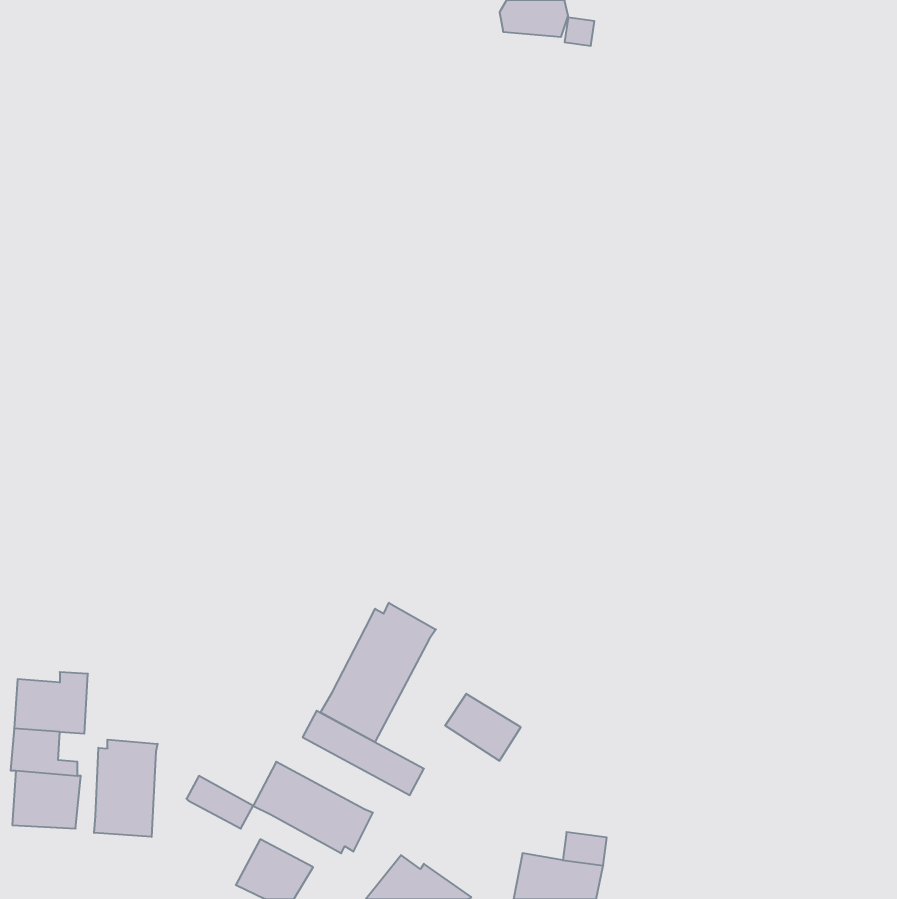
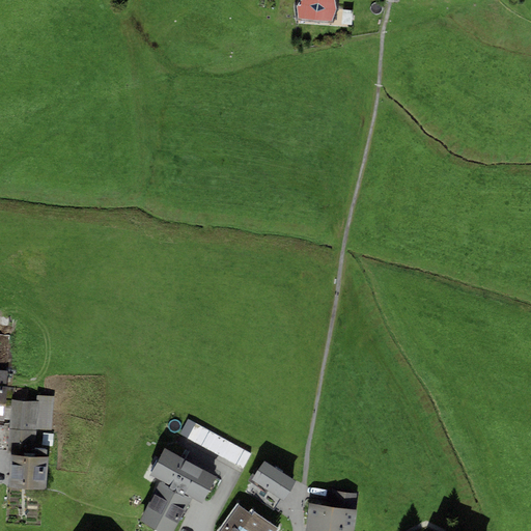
building: [321,603,436,742] -> none
building: [445,694,521,761] -> [251,462,296,501]
building: [94,740,158,837] -> none
building: [186,776,253,829] -> [152,480,192,511]

